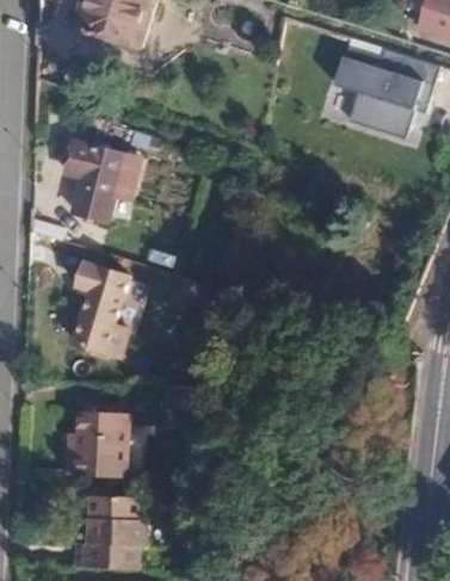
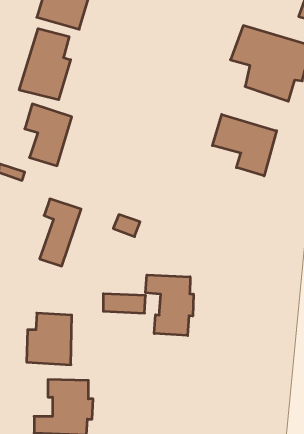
building: none -> [19,29,71,100]
building: none -> [212,114,277,176]
building: none -> [146,275,193,336]

